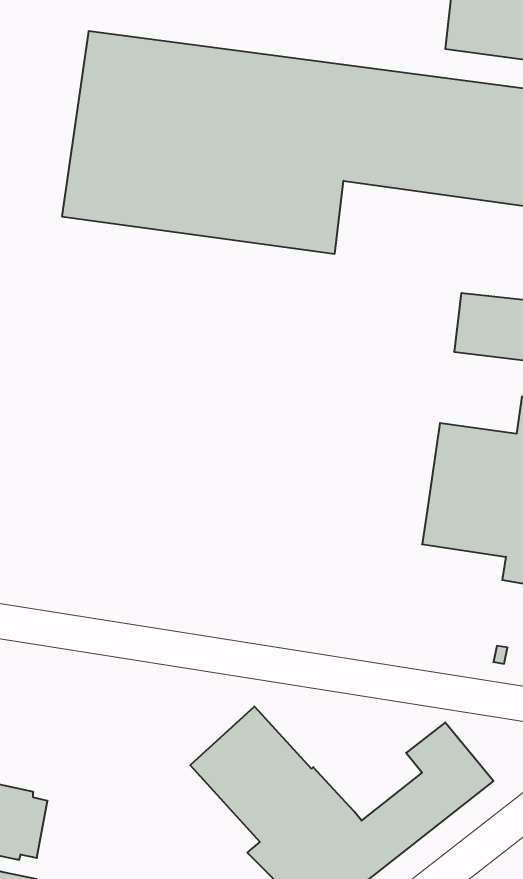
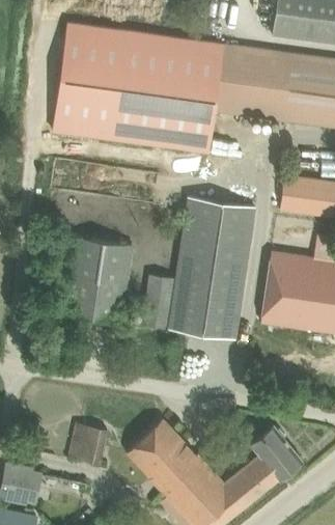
building: none -> [142,194,255,338]
building: none -> [62,237,132,321]
building: none -> [67,421,108,464]

